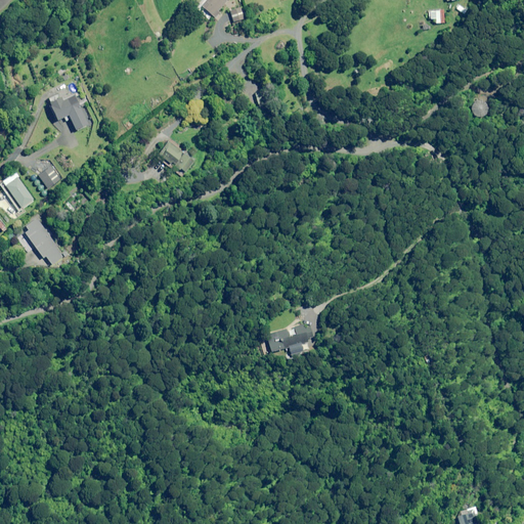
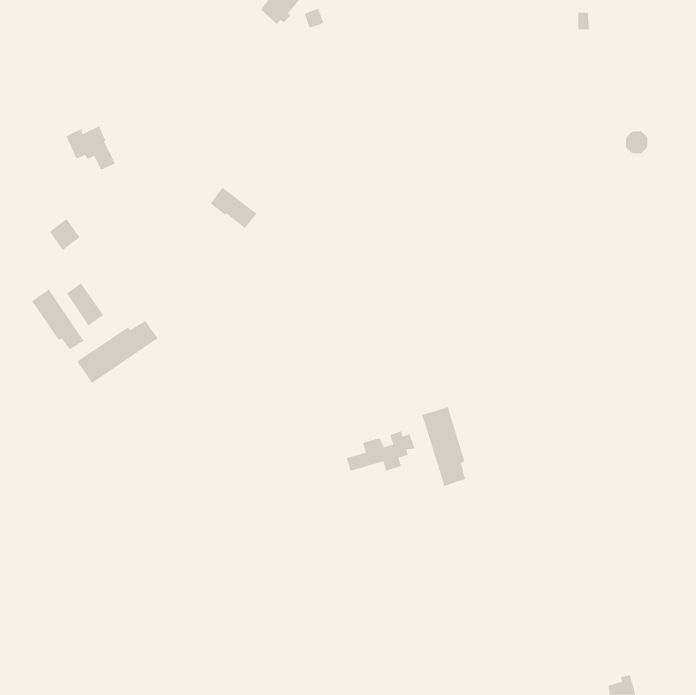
building: [5,176,34,209] -> [66,283,104,326]
building: none -> [77,320,159,384]
building: none -> [422,406,466,487]

